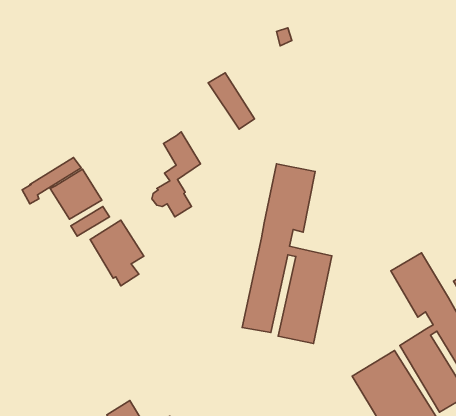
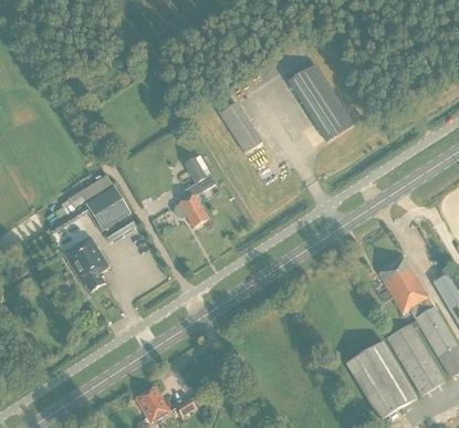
building: none -> [288,64,352,140]
building: [242,164,332,343] -> none
building: [90,220,144,286] -> [62,236,108,292]

